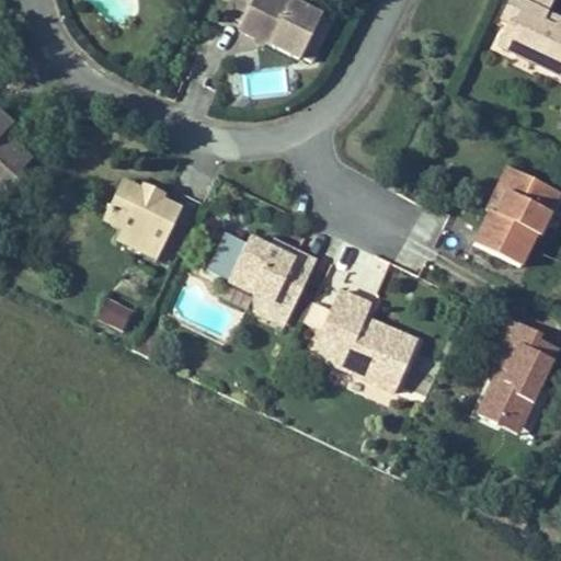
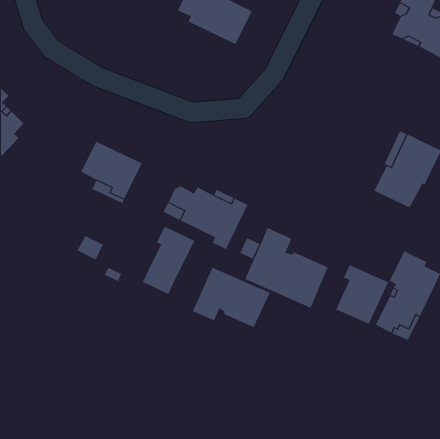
building: none -> [142,226,195,295]
building: none -> [335,265,389,325]
building: none -> [192,267,270,328]

